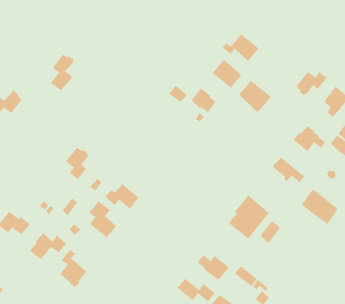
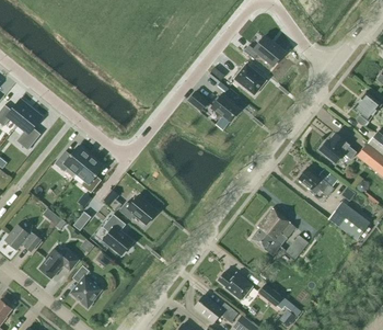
building: [50,53,75,91] -> [18,107,44,148]
building: [294,67,328,96] -> none
building: [238,80,272,113] -> none
building: none -> [55,147,91,177]

